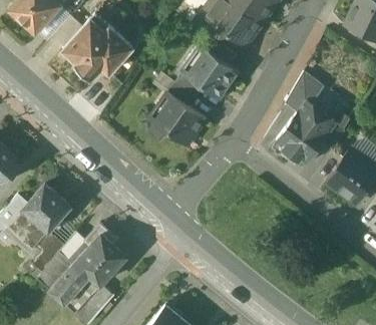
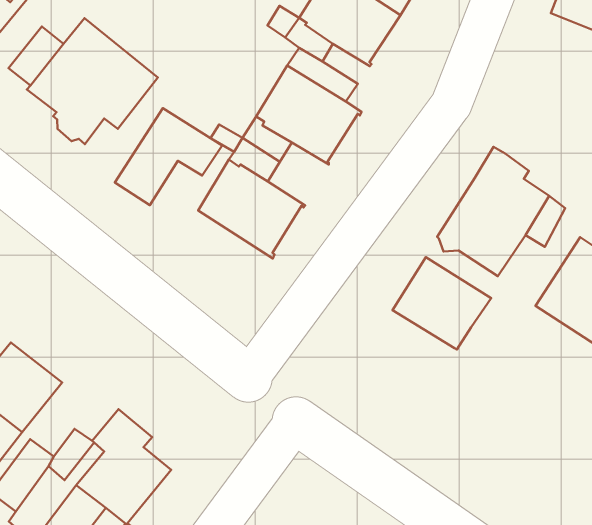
building: none -> [115,108,222,205]
building: [286,73,324,112] -> none
building: none -> [393,257,491,349]

